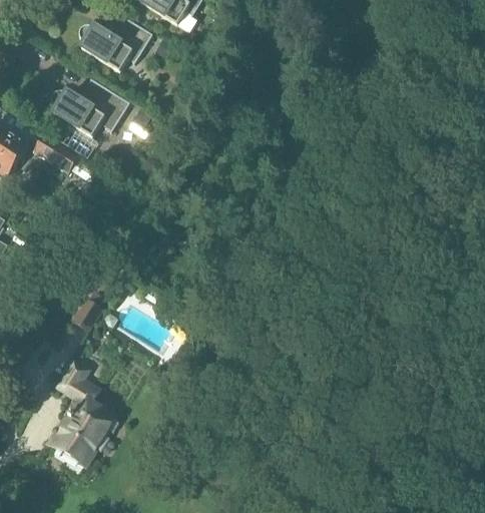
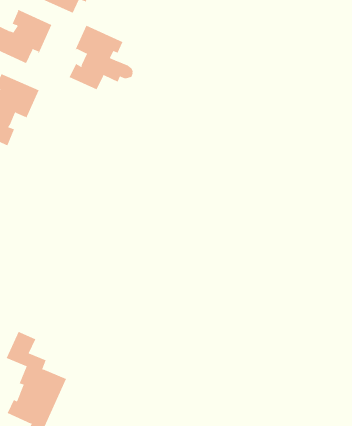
building: none -> [69,25,133,90]
building: [72,298,101,330] -> none

